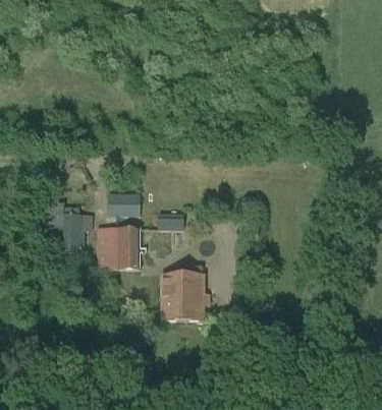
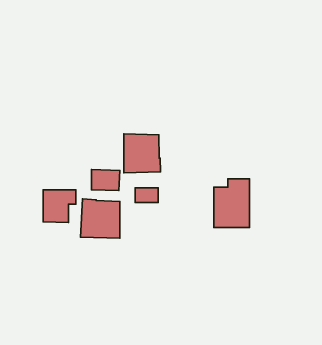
building: none -> [124,134,161,173]
building: [162,265,202,318] -> [214,179,250,227]

